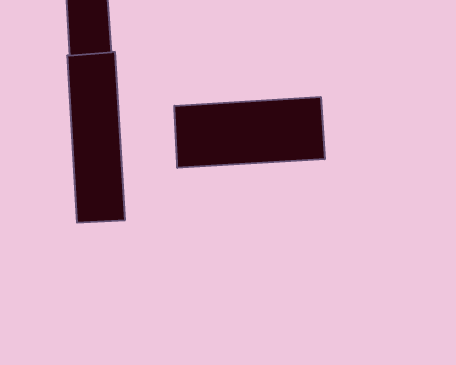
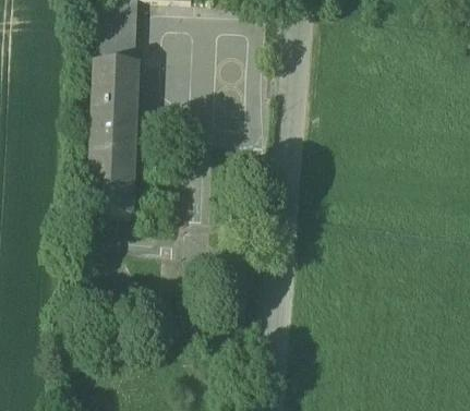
building: [174,97,325,168] -> none

